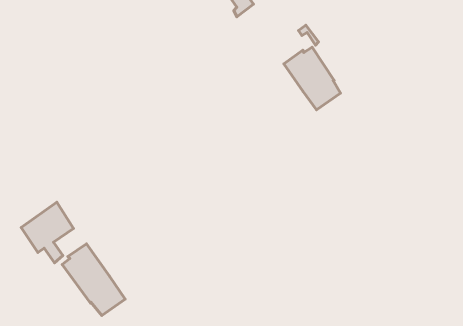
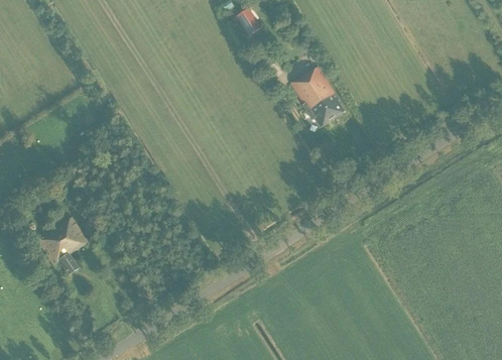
building: [62,244,125,316] -> none

